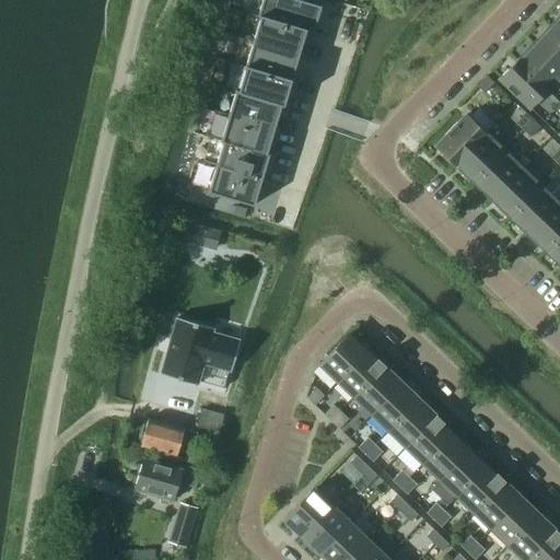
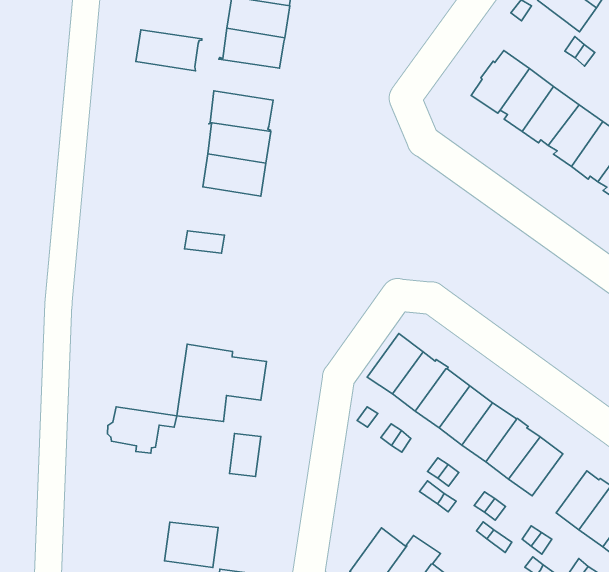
building: [229,91,284,130] -> [136,30,202,71]
building: [140,420,198,462] -> [108,407,177,453]
building: [441,450,488,497] -> none

